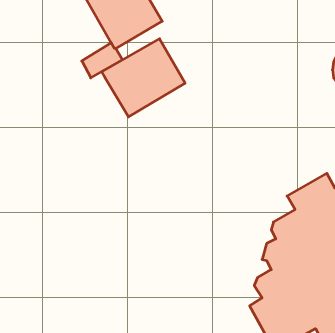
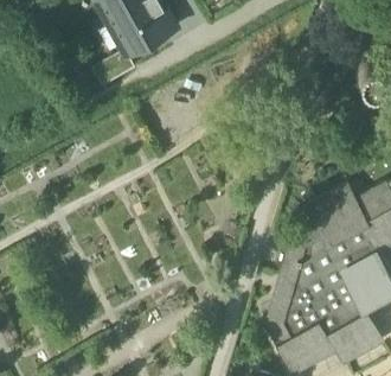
building: [102,39,185,117] -> none

